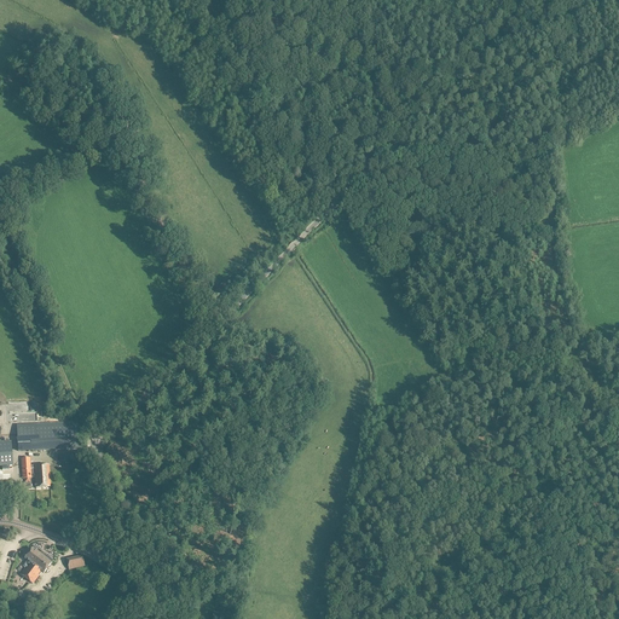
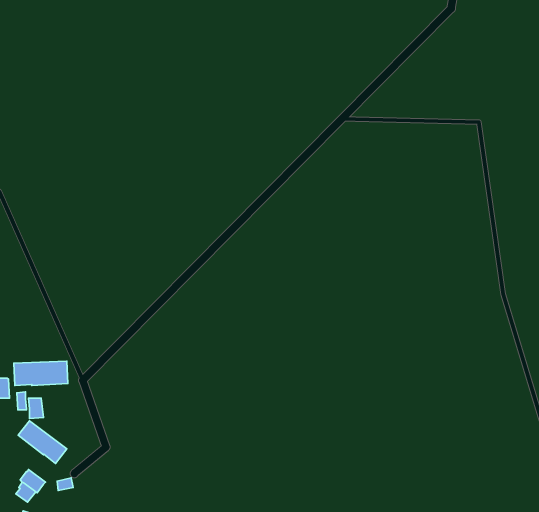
building: none -> [18,421,67,463]

